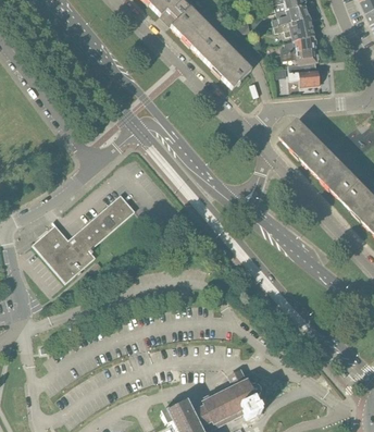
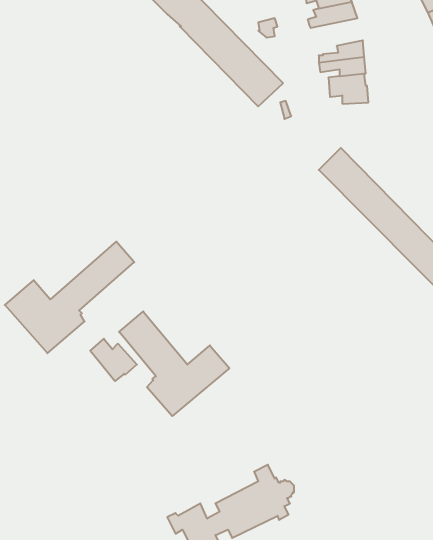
building: [274,17,315,40] -> none
building: none -> [119,311,229,416]
building: none -> [90,339,137,381]

